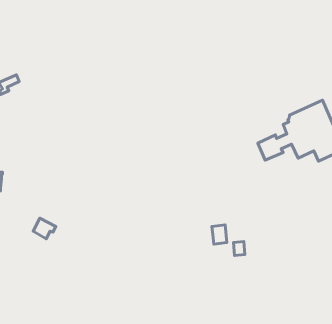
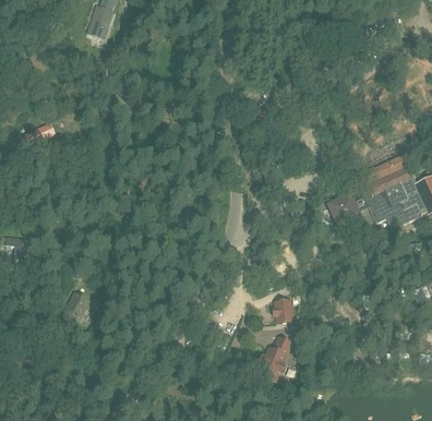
building: none -> [257,337,291,382]

